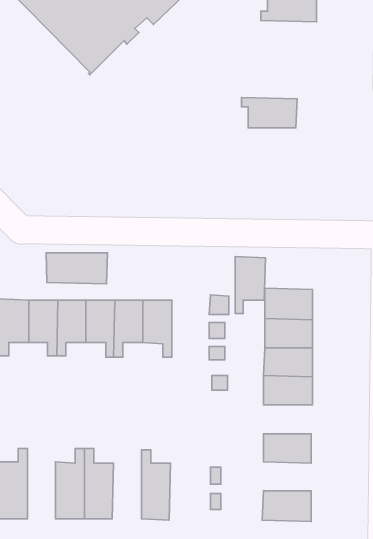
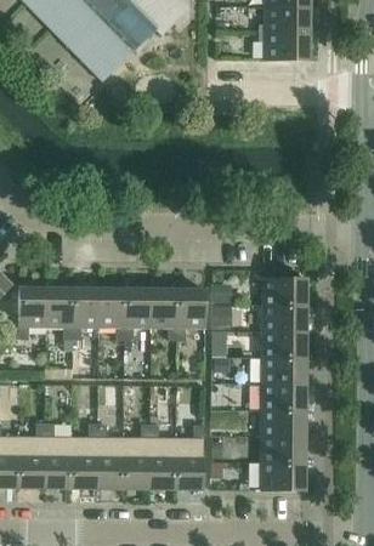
building: [241,97,297,128] -> [259,32,310,59]
building: [46,253,108,284] -> none
building: [235,256,266,313] -> [177,288,205,340]
building: none -> [261,383,306,410]
building: none -> [45,423,70,488]
building: none -> [123,425,149,488]
building: none -> [175,425,203,489]
building: none -> [261,436,305,462]

